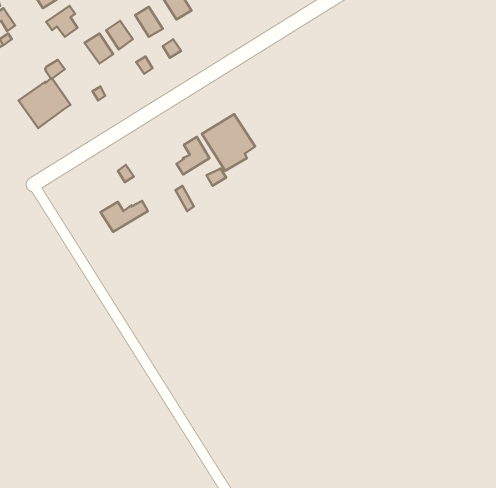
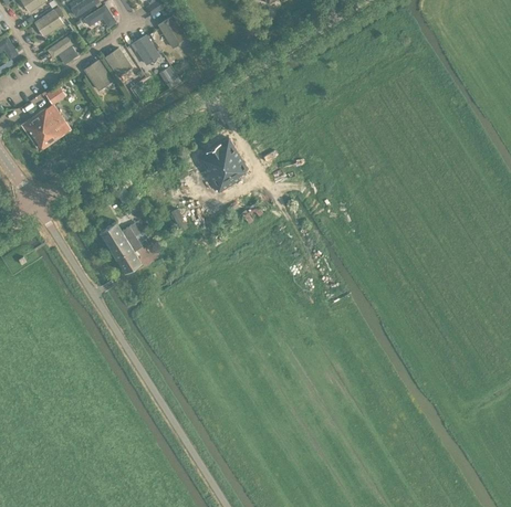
building: [176,137,209,174] -> none
building: none -> [112,231,149,273]

